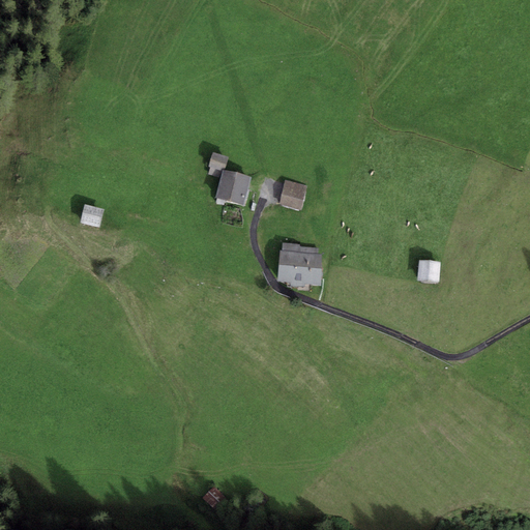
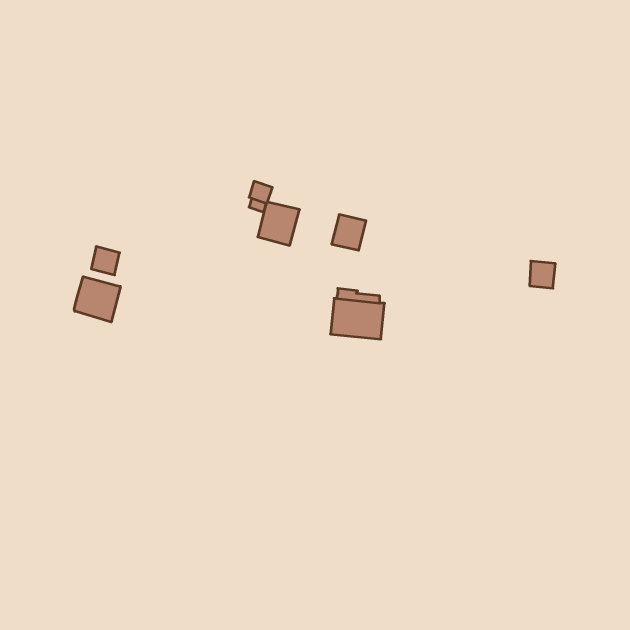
building: none -> [74,277,120,322]
building: [418,260,440,283] -> [530,261,555,288]

